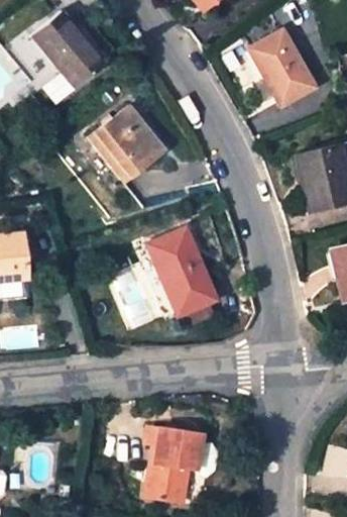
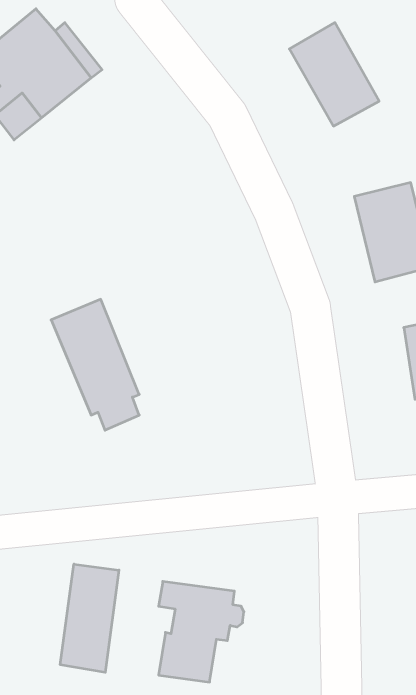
building: [89,105,164,183] -> none
building: [147,227,212,323] -> [51,299,139,430]
building: none -> [60,564,119,672]

